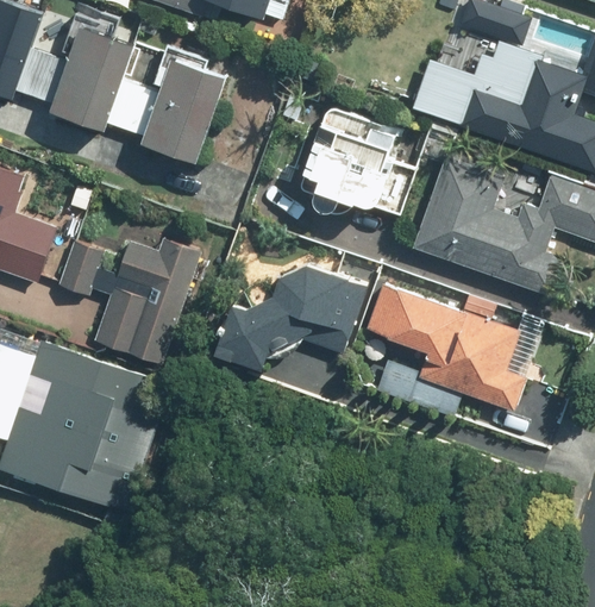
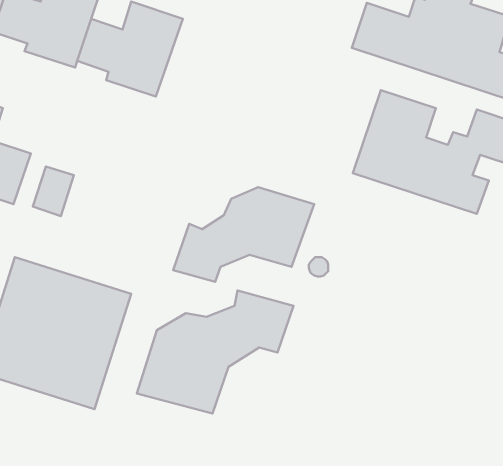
building: [298,107,425,214] -> none
building: [93,237,200,363] -> none
building: [367,282,527,412] -> none
building: none -> [137,290,293,413]

